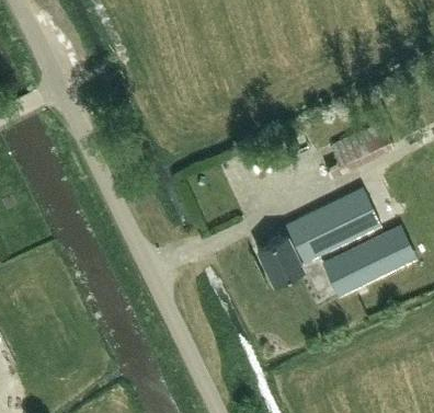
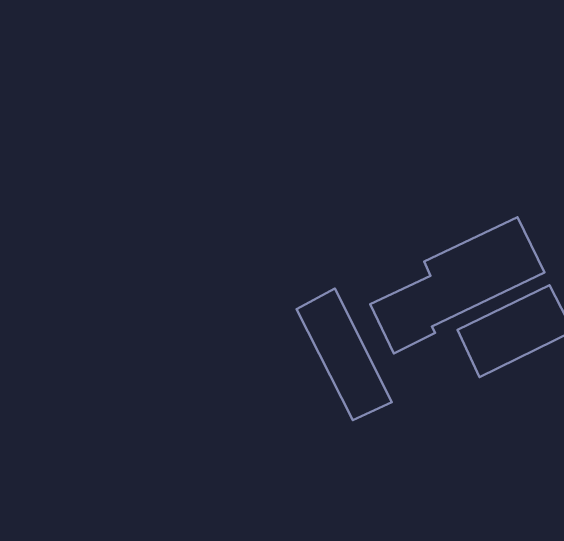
building: none -> [297,289,392,420]

